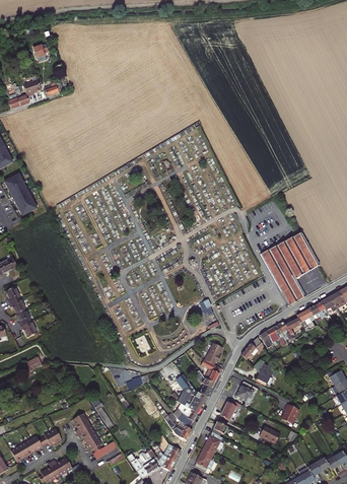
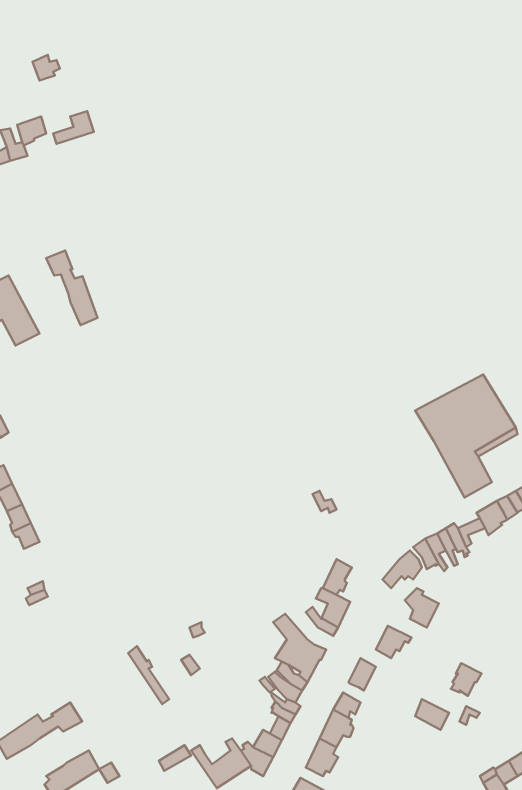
building: none -> [46,250,98,325]
building: [74,412,119,459] -> none

